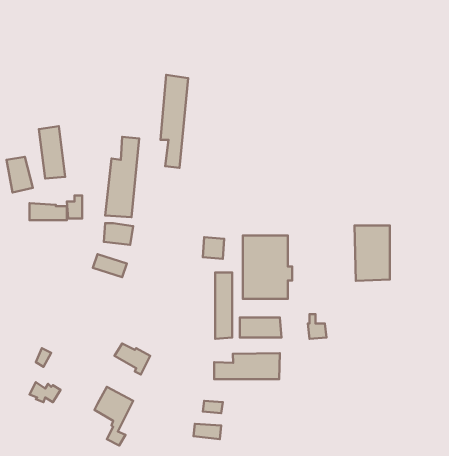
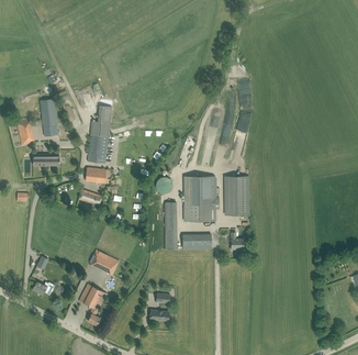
building: [160,75,188,168] -> none
building: [354,225,390,281] -> [224,176,249,215]
building: [214,353,280,379] -> none

